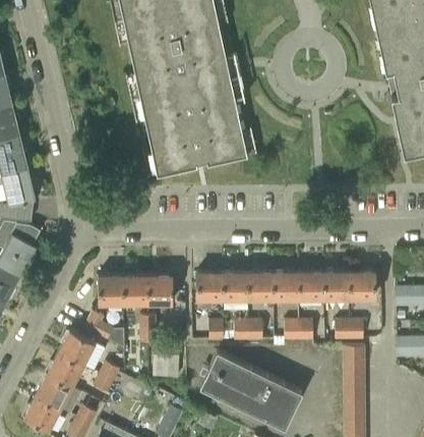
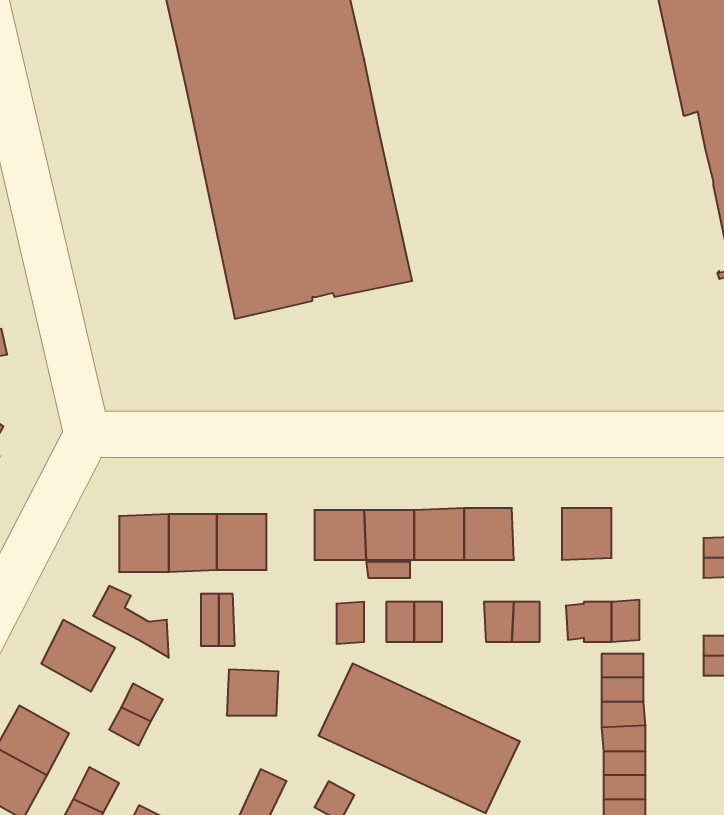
building: [298,272,323,298] -> none
building: [349,272,374,297] -> none
building: [47,351,83,387] -> none

